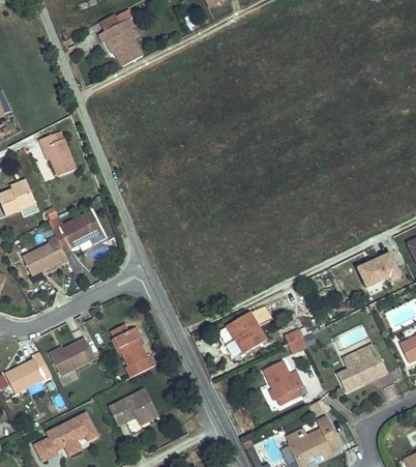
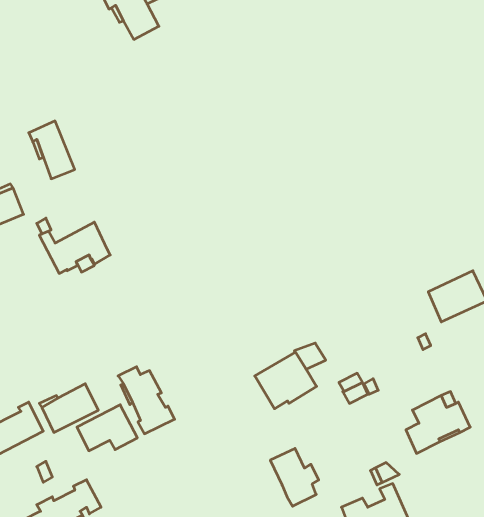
building: [22,237,67,275] -> none
building: [263,360,301,406] -> [270,448,319,506]
building: [110,389,157,426] -> [77,405,137,451]

